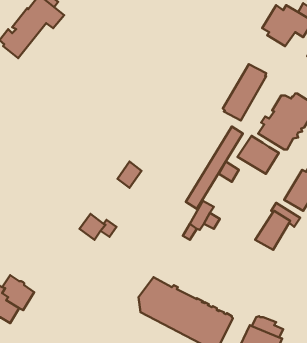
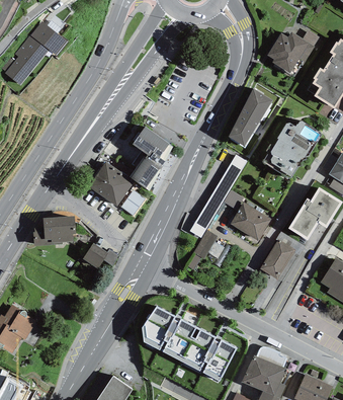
building: none -> [130,126,173,190]
building: none -> [88,161,132,206]
building: [238,136,279,174] -> [230,202,271,240]
building: none -> [33,215,76,245]

